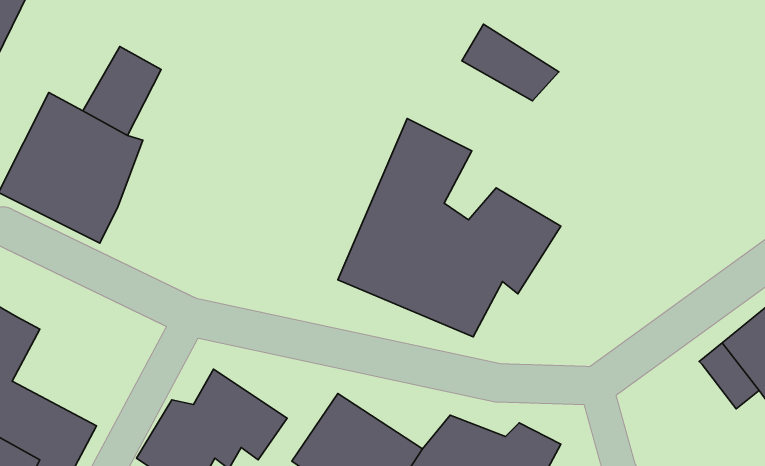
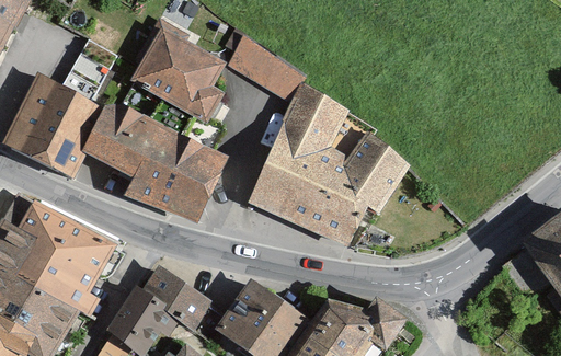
building: [462,24,559,101] -> [229,38,298,93]
building: none -> [130,26,220,122]
building: none -> [90,100,232,219]
building: none -> [14,199,110,313]

